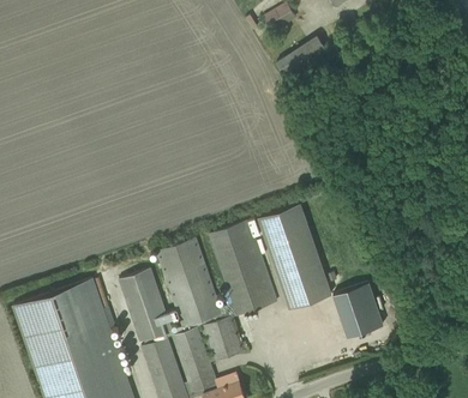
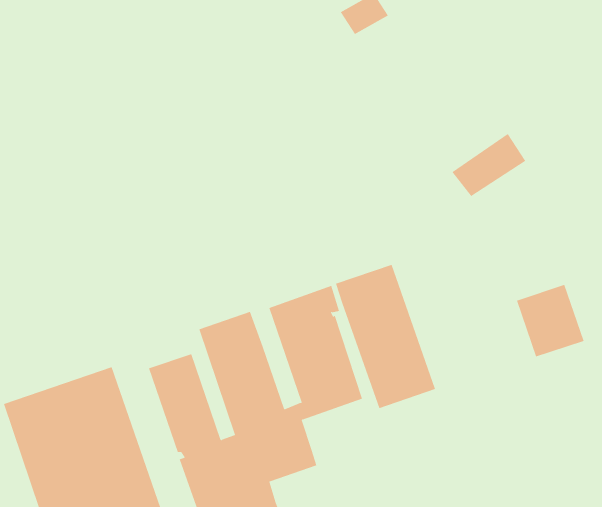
building: [275,34,330,80] -> [451,133,526,197]
building: [332,282,383,336] -> [516,284,584,357]

